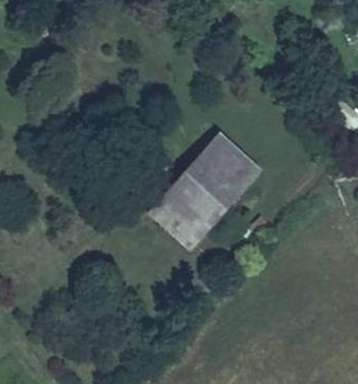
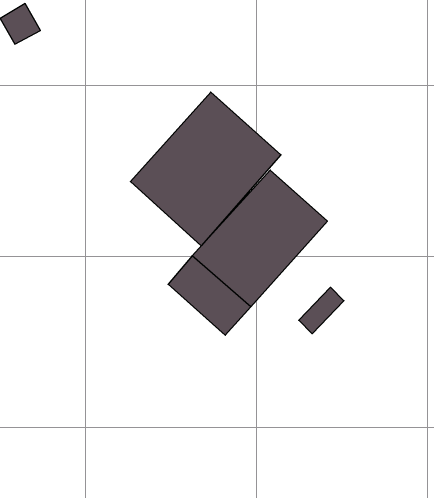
building: none -> [130,92,281,246]

